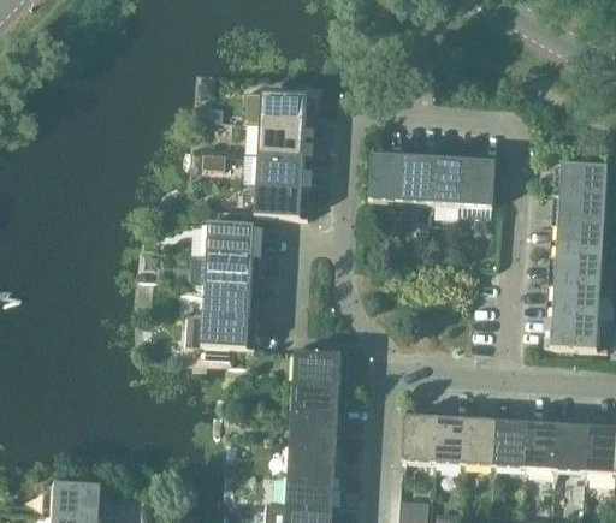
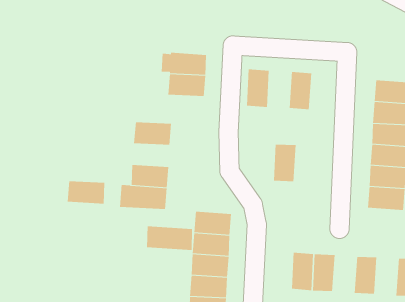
building: [260,93,315,127] -> none
building: [401,150,434,204] -> [273,144,297,182]
building: [461,154,496,208] -> none
building: [255,185,309,219] -> none
building: [205,255,260,289] -> [67,181,105,204]
building: none -> [146,226,193,251]
building: [402,410,437,464] -> none
building: [494,415,528,470] -> none
building: [555,418,588,473] -> none

